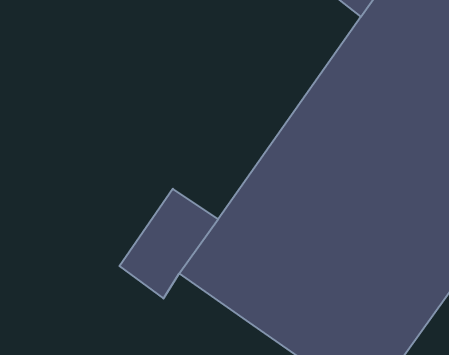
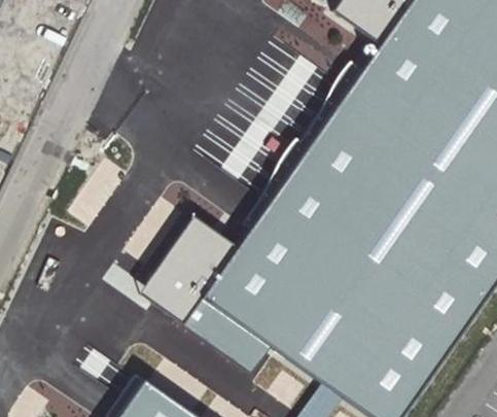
building: none -> [187,299,272,373]

